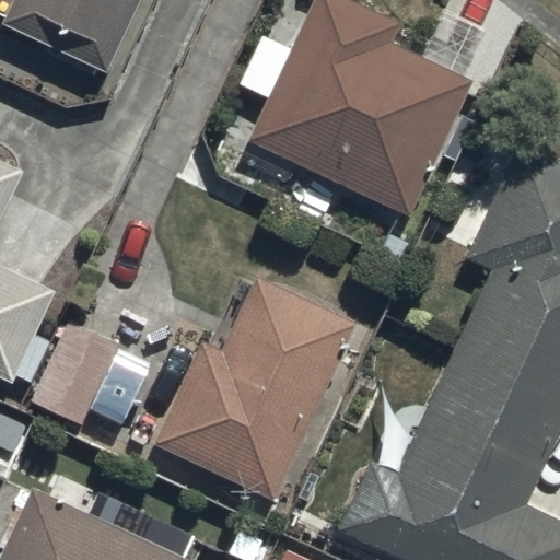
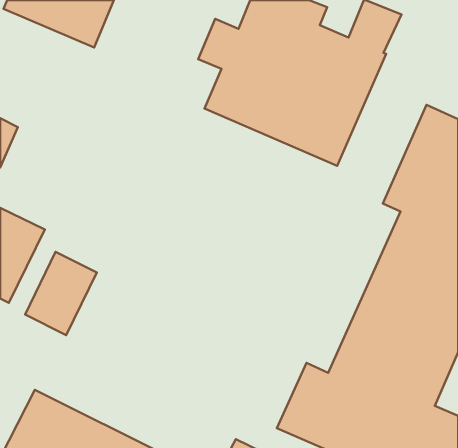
building: [156,278,357,498] -> none

